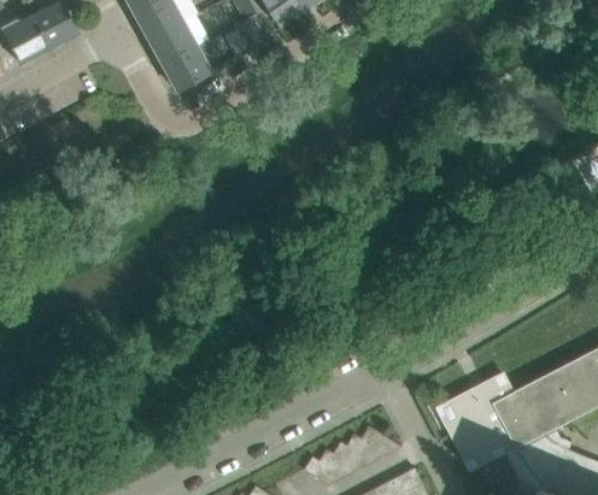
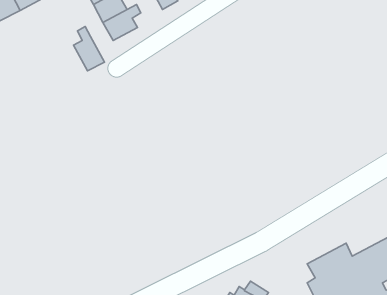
building: none -> [74,27,104,71]

